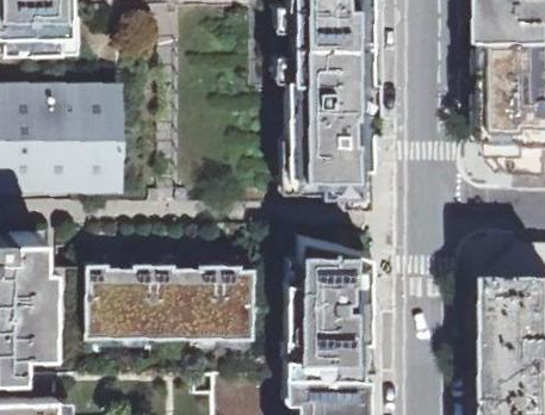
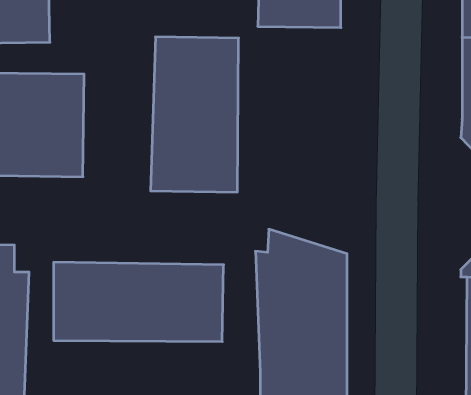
building: [281,38,367,190] -> [151,37,239,192]

